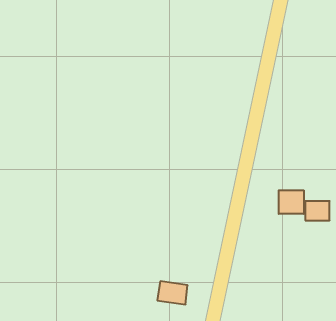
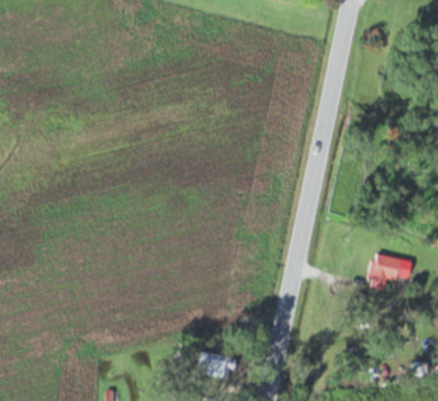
building: [279,190,304,214] -> none

